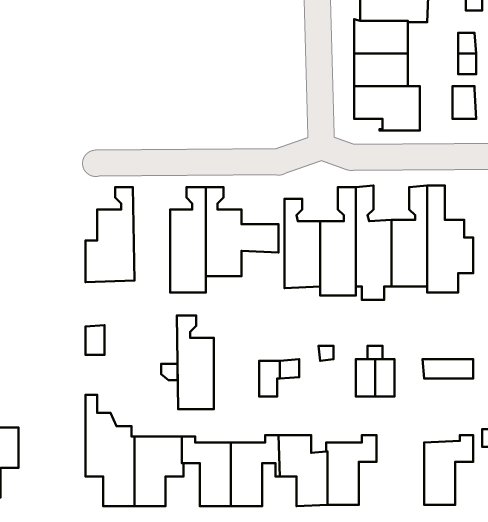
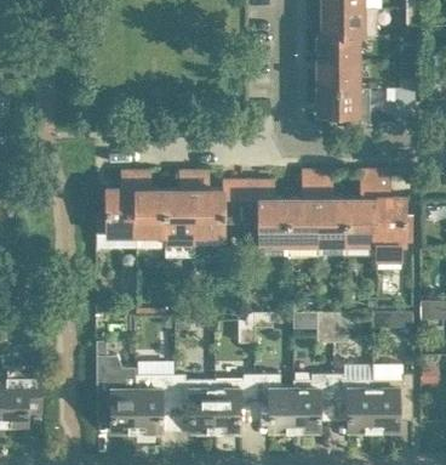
building: [177,316,214,409] -> [135,171,165,248]
building: none -> [333,374,372,431]

